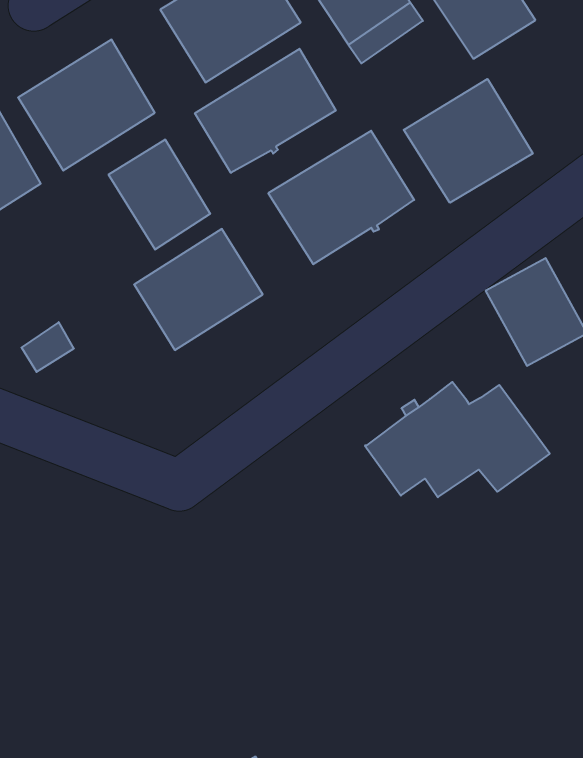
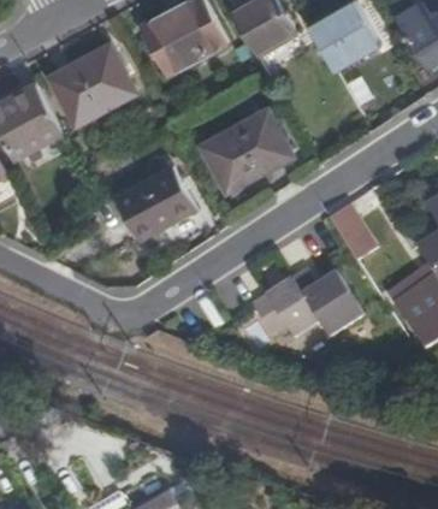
building: [195,49,336,173] -> none
building: [404,79,533,203] -> none
building: [109,139,210,250] -> none

